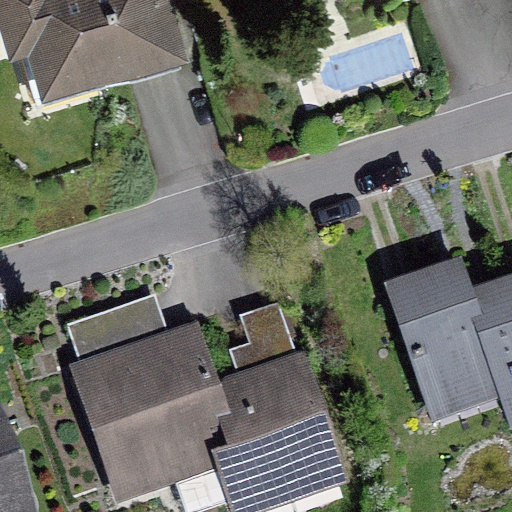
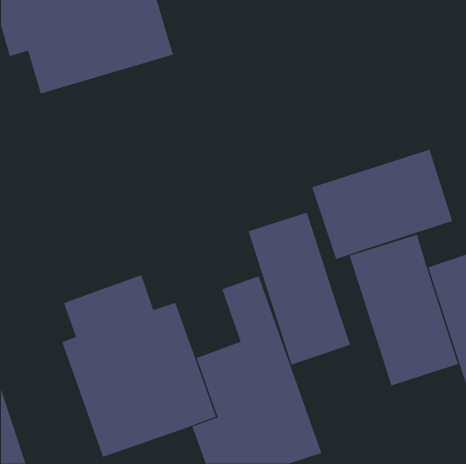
building: none -> [312,149,453,260]
building: none -> [248,212,351,366]

